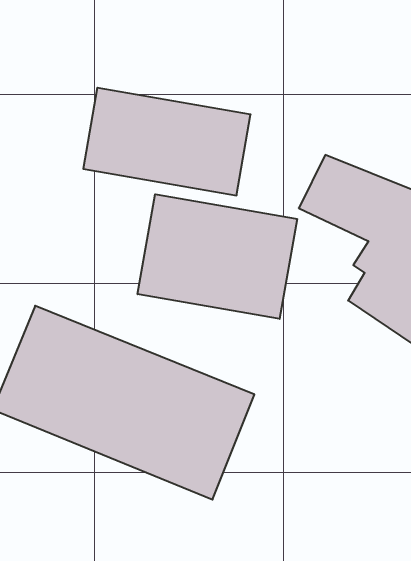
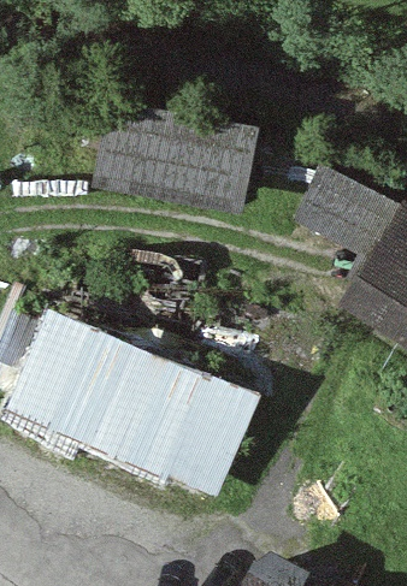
building: [138,194,297,319] -> none

